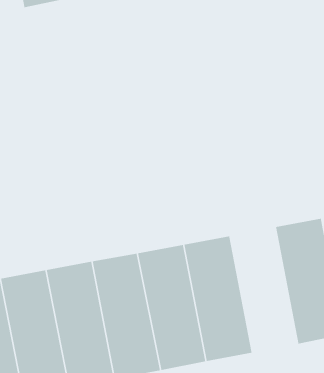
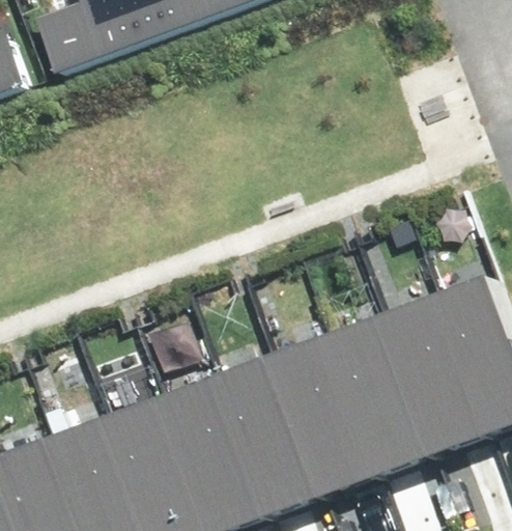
building: none -> [368,297,473,456]

